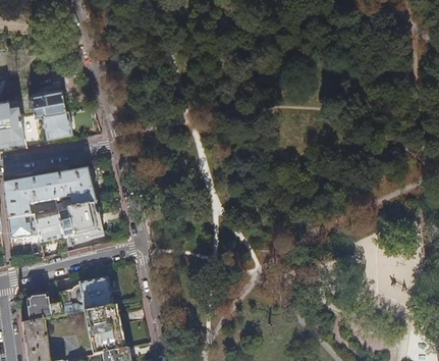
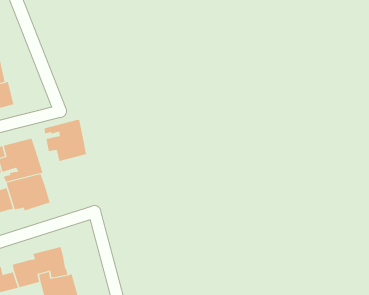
building: none -> [44,119,87,162]

